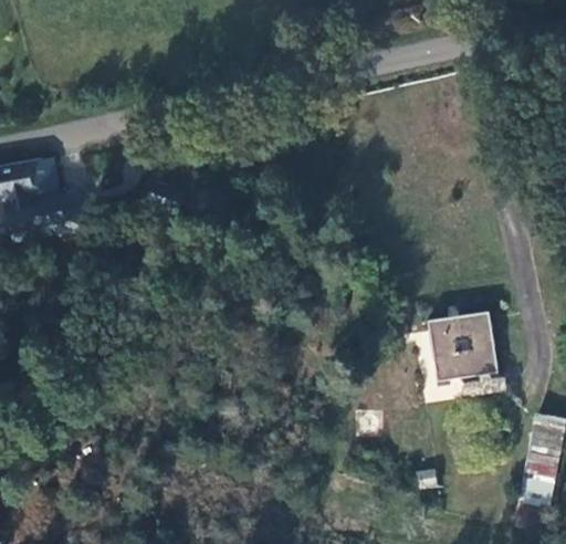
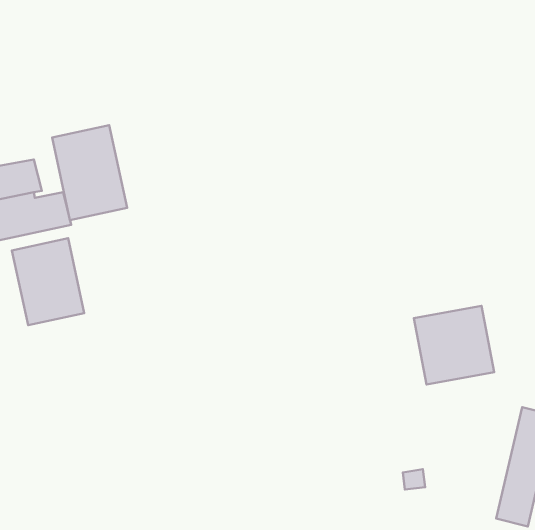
building: none -> [52,125,127,220]
building: none -> [12,238,84,325]

